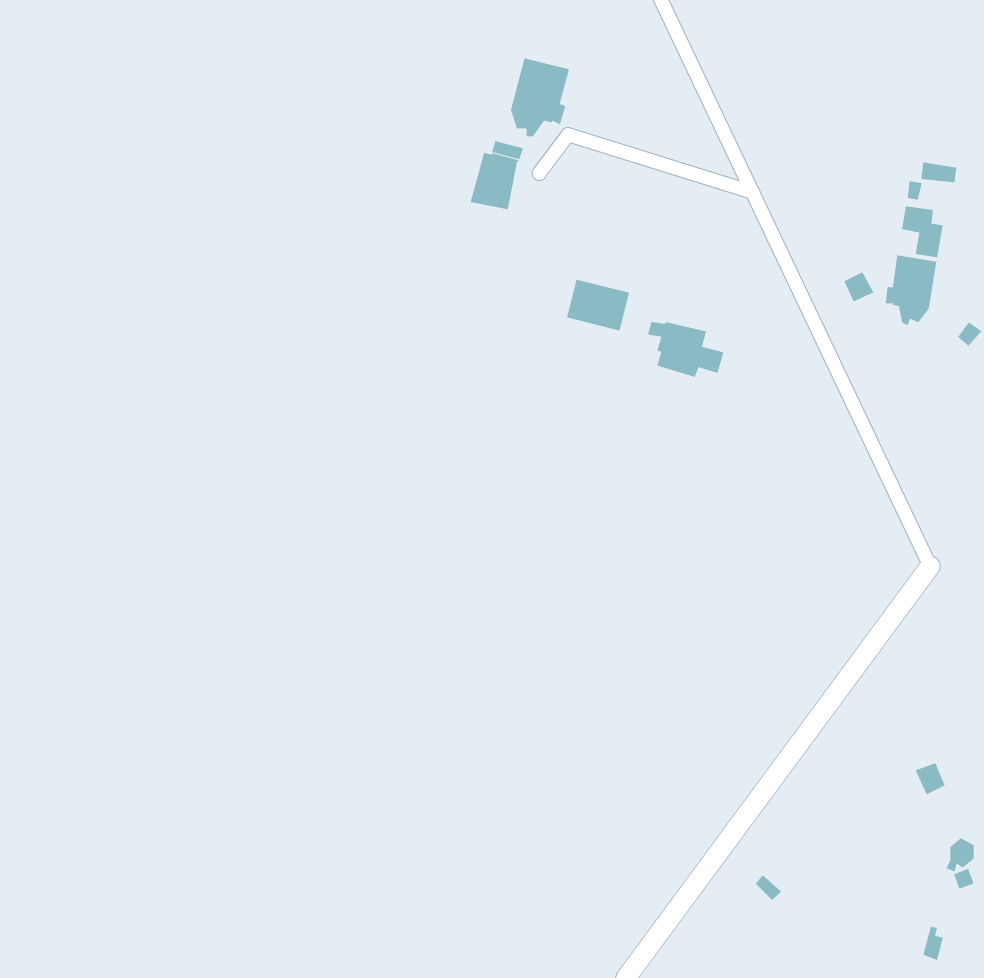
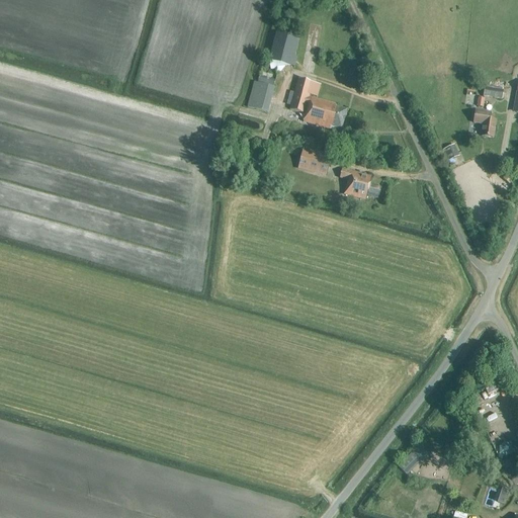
building: none -> [286,76,346,127]
building: [885,255,937,326] -> none

